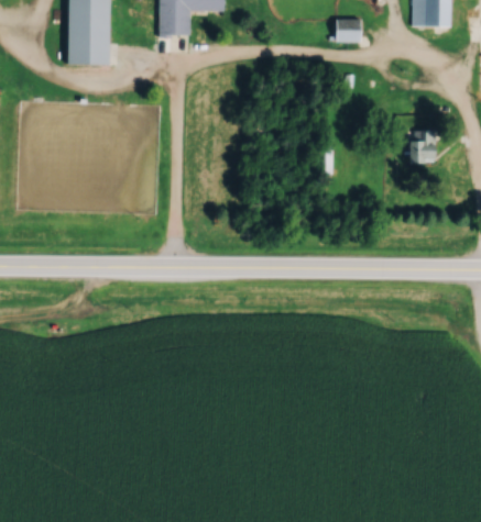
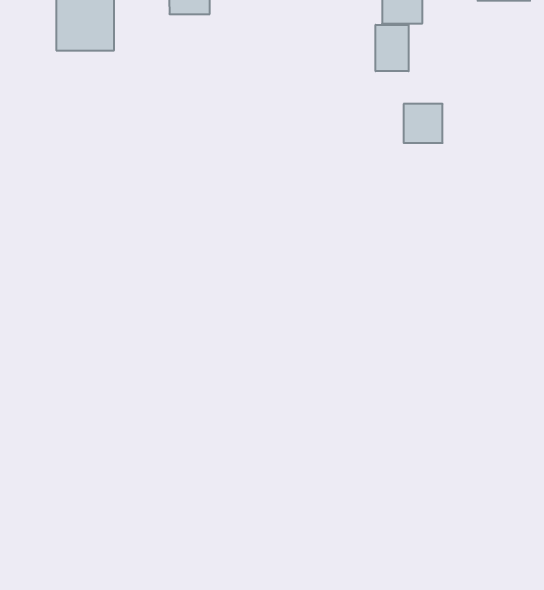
building: none -> [376,25,409,71]
building: [402,131,434,163] -> [404,104,443,143]

